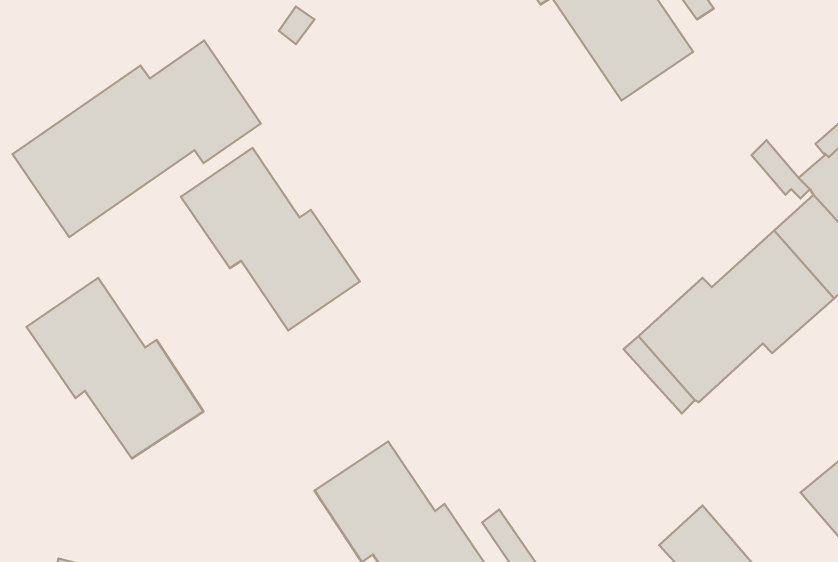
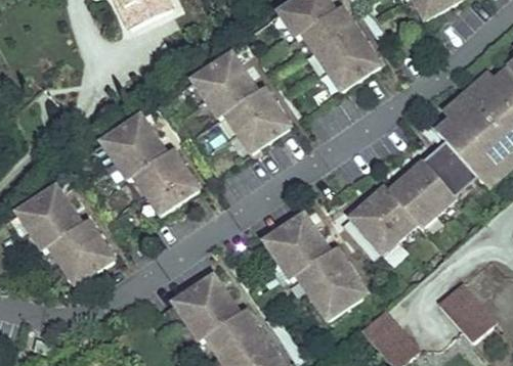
building: none -> [194,54,290,152]
building: [12,40,261,237] -> none
building: none -> [264,213,367,319]

